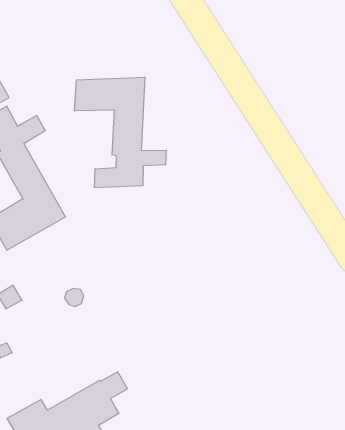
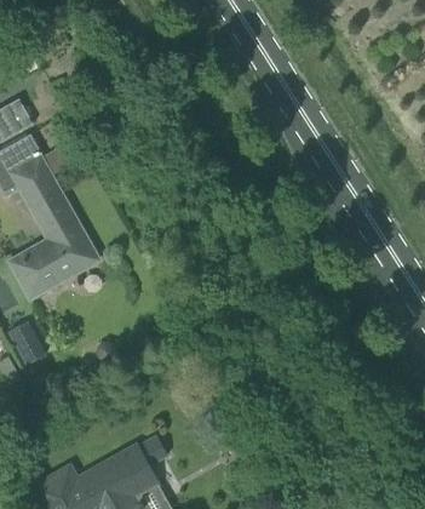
building: [74,77,166,188] -> none

